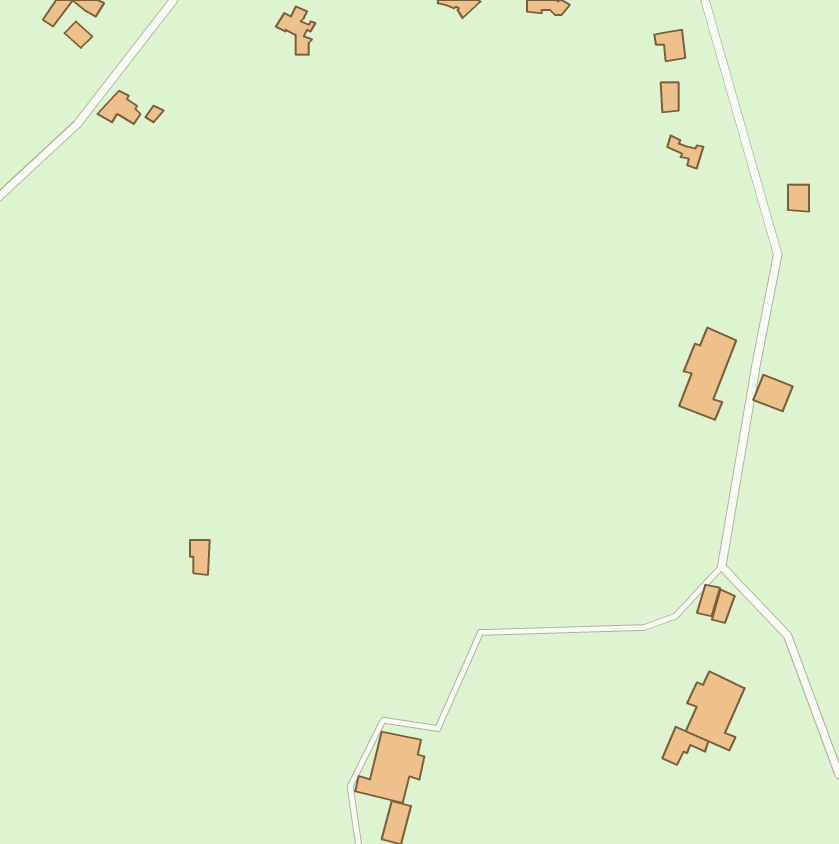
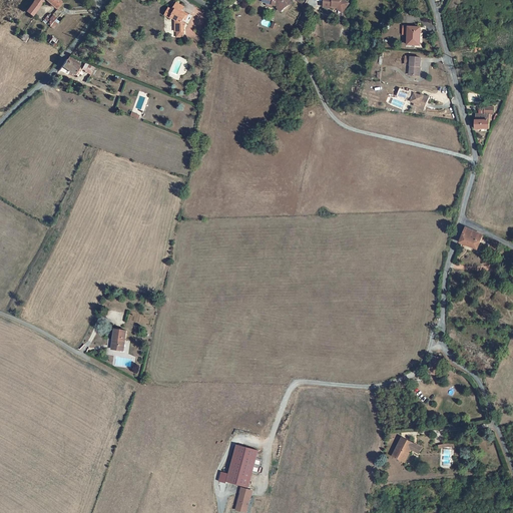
building: [679,327,736,420] -> none
building: [686,671,745,751] -> none

